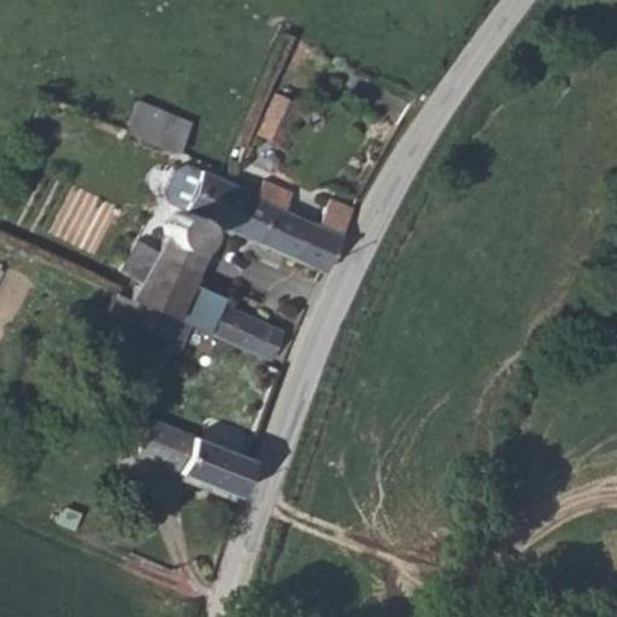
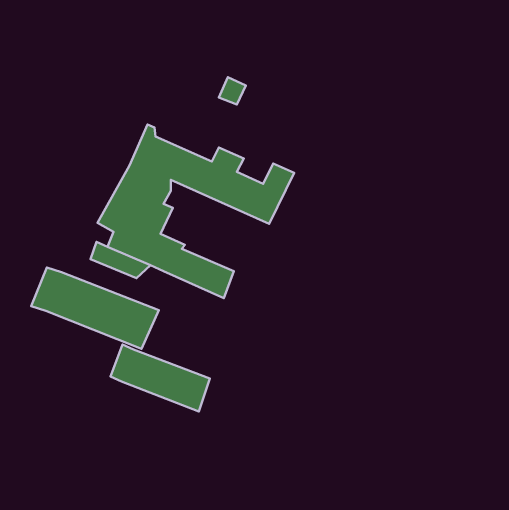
building: [128,101,194,153] -> none
building: none -> [31,267,159,349]

